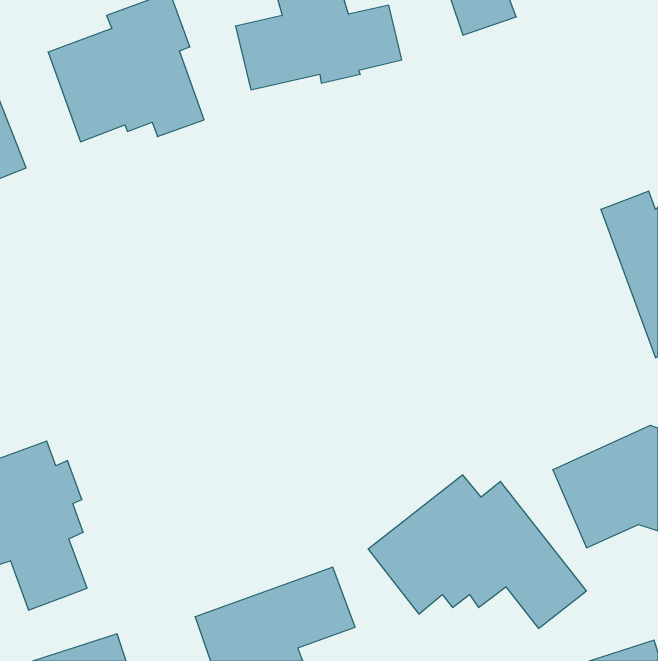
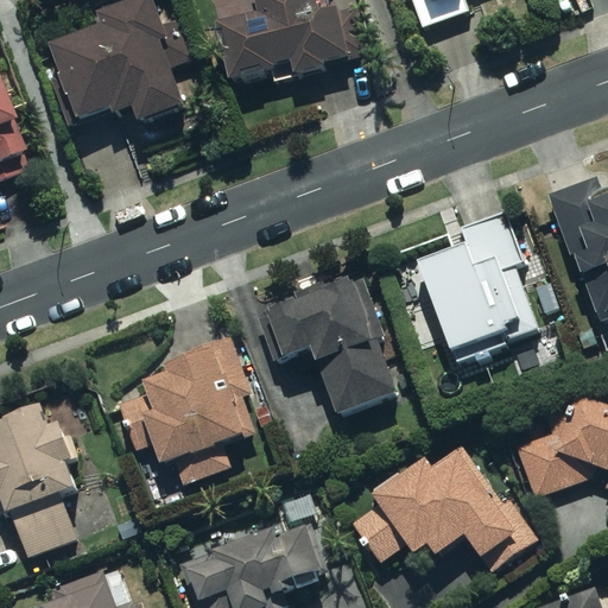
building: none -> [422,213,538,362]
building: none -> [261,279,398,414]
building: none -> [120,337,249,494]

